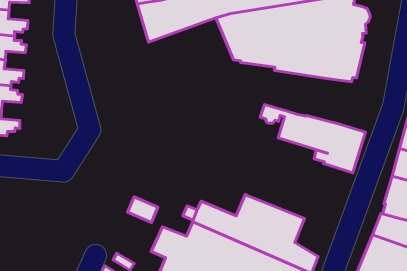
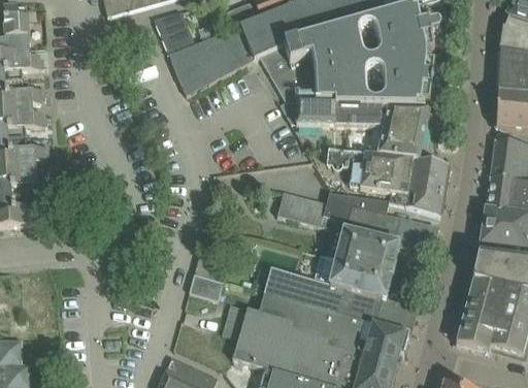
building: none -> [295,102,429,158]
building: none -> [262,188,436,271]

